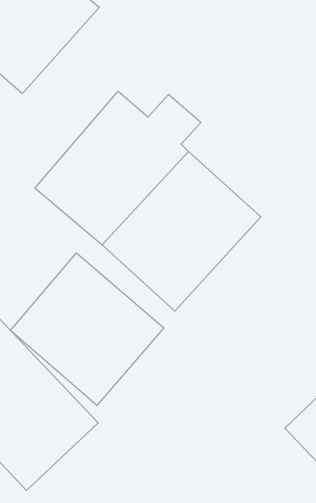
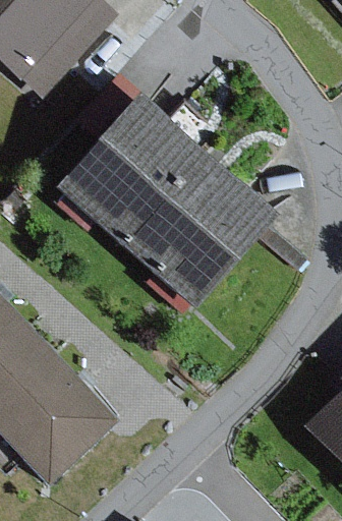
building: [10,253,164,406] -> none

